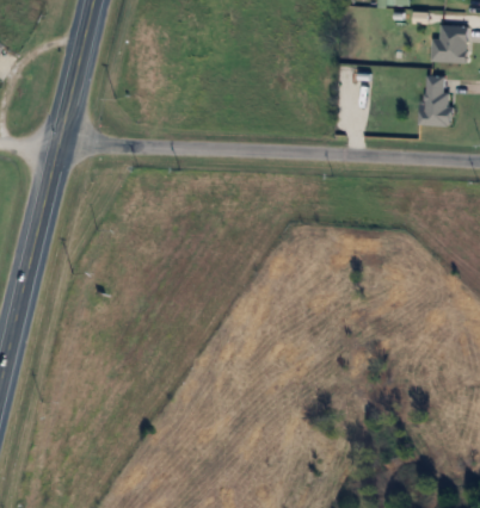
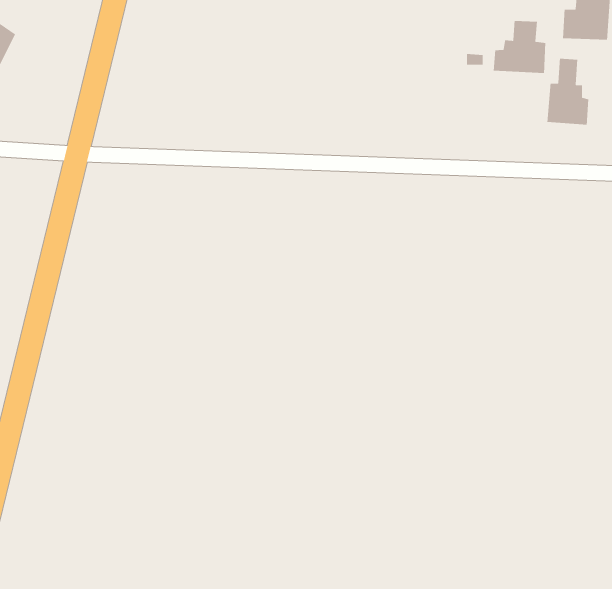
building: none -> [493,20,546,74]

